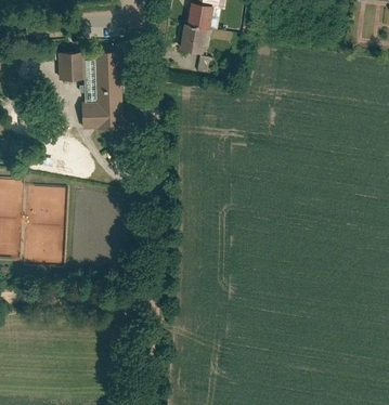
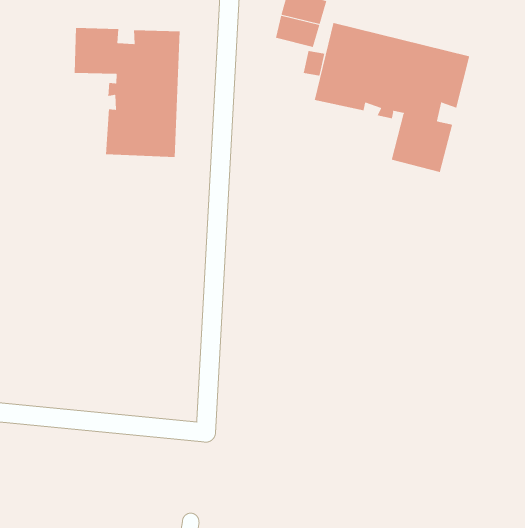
building: none -> [314,22,470,173]

